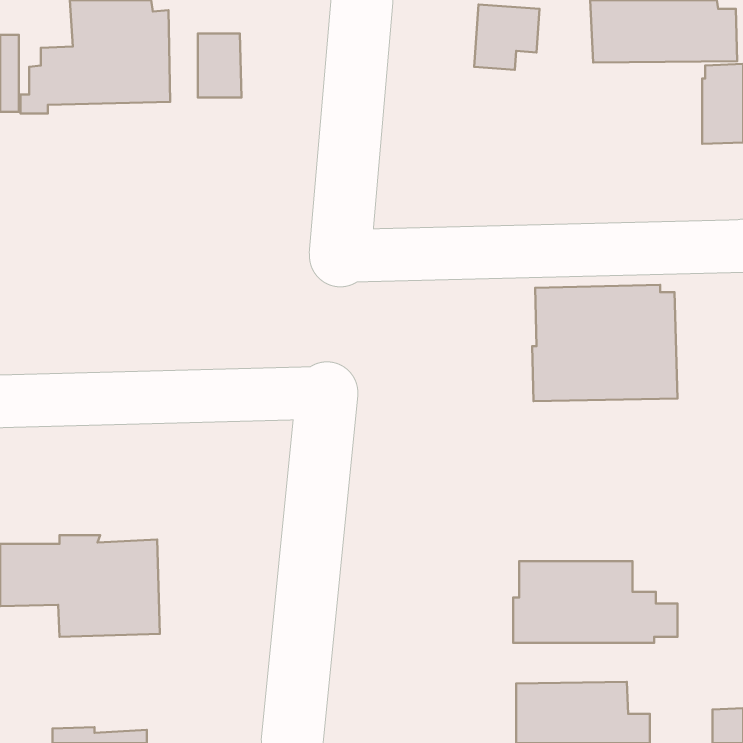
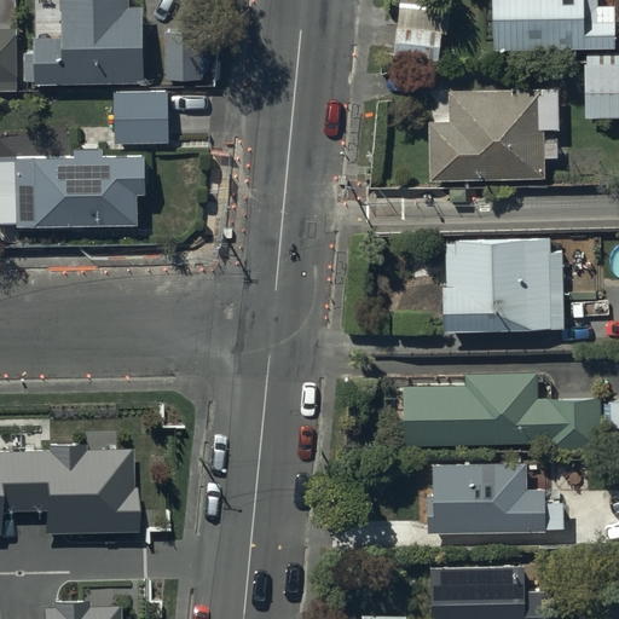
building: none -> [428,89,557,183]
building: none -> [115,92,168,144]
building: none -> [15,149,143,227]
building: none -> [404,375,600,451]

